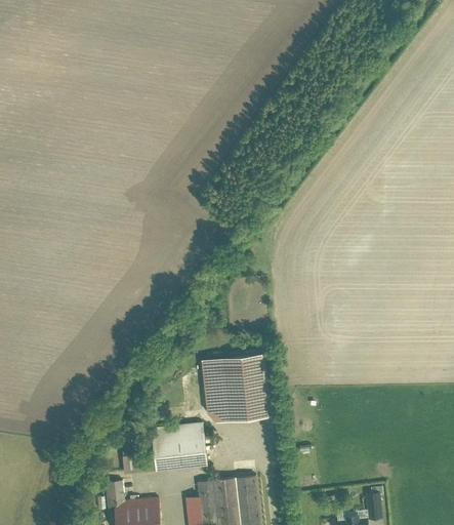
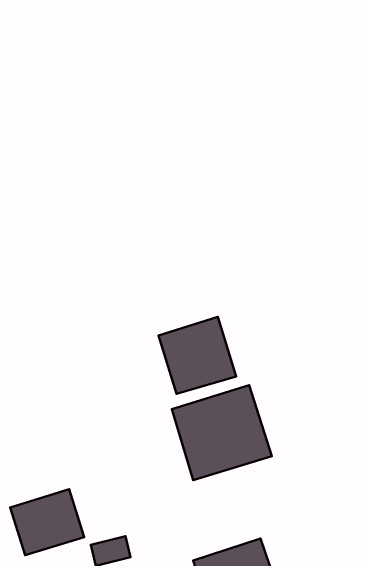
building: none -> [159,317,236,394]
building: [152,425,206,471] -> [10,489,84,555]

